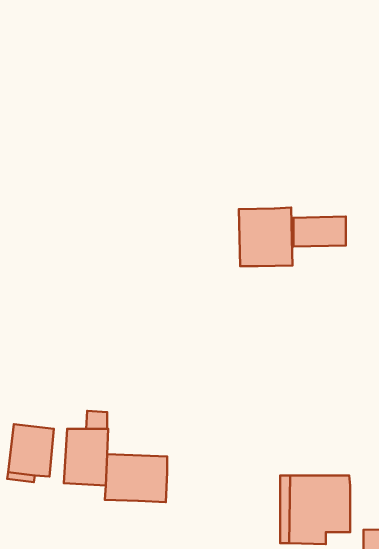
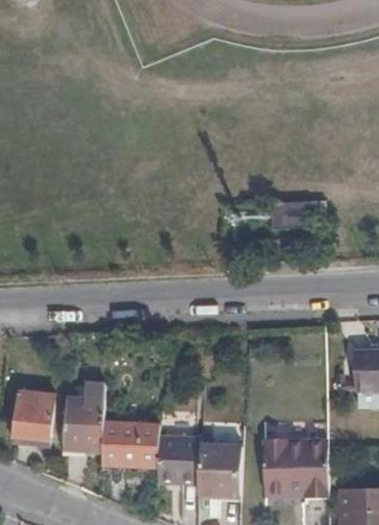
building: [239,207,292,266] -> none
building: none -> [157,437,201,485]
building: none -> [205,446,243,496]

